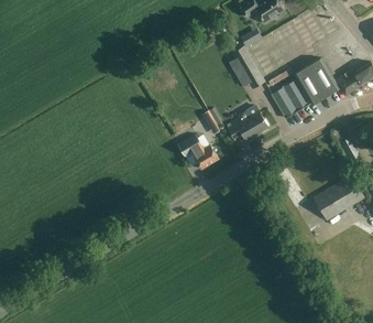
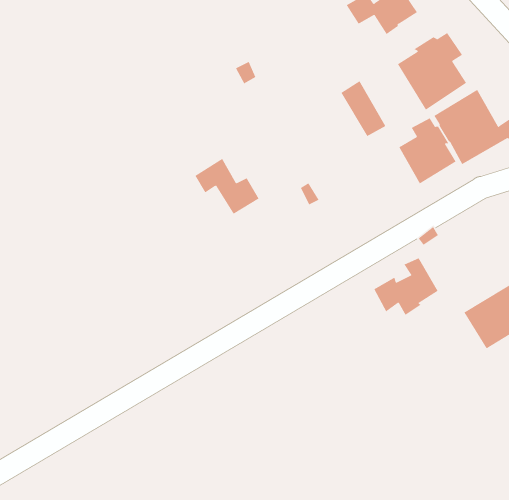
building: none -> [397,32,467,110]
building: [226,106,266,142] -> [374,258,439,316]
building: [176,133,217,169] -> [194,158,259,214]

